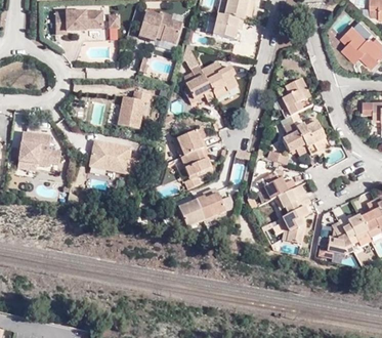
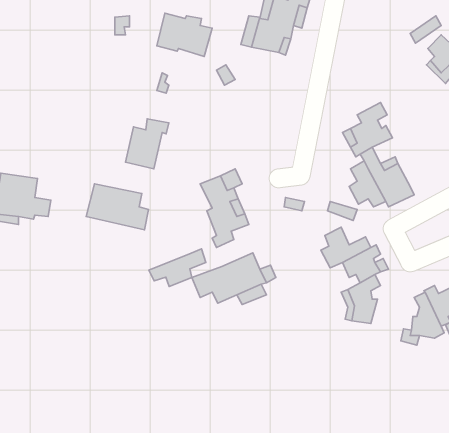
building: [54,11,100,34] -> none
building: [181,64,235,108] -> none
building: none -> [149,249,206,286]

